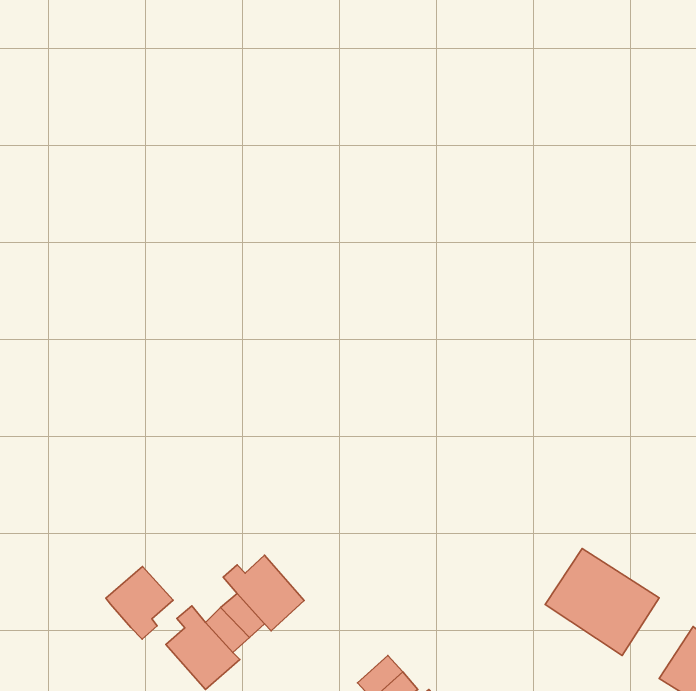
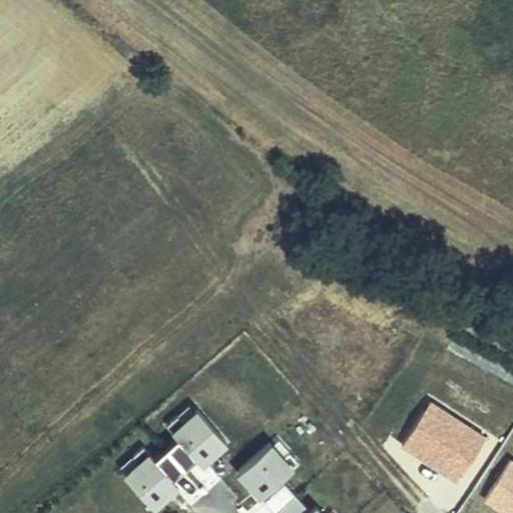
building: [106,566,173,639] -> none
building: none -> [237,447,299,501]

